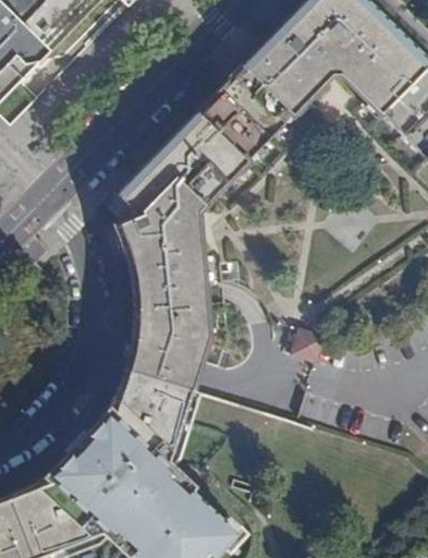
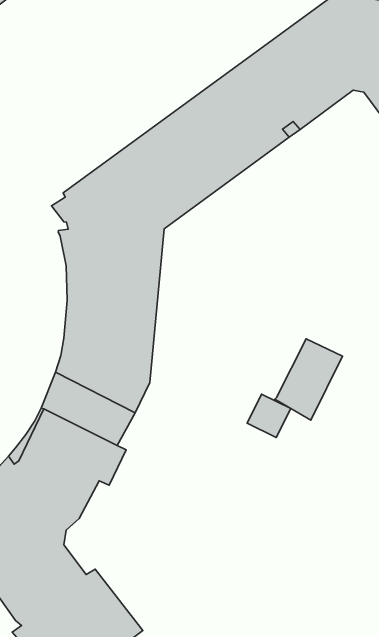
building: none -> [275,339,343,420]

